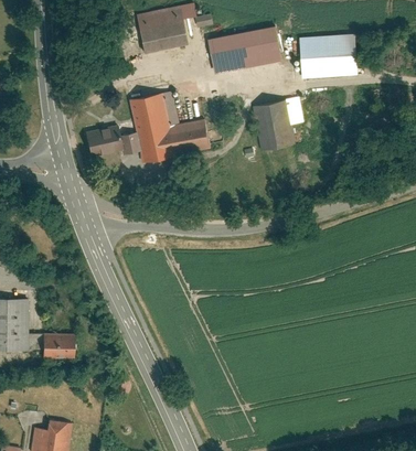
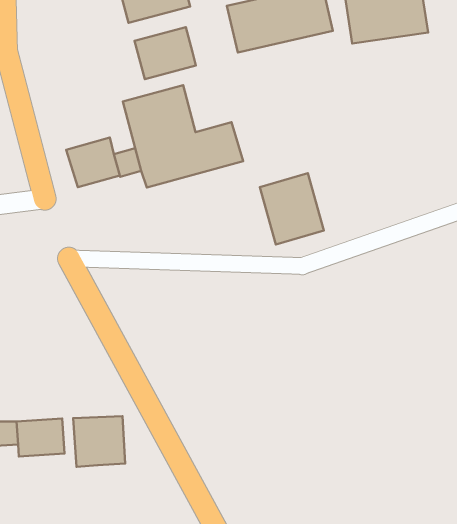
building: none -> [135,27,196,79]
building: [247,97,291,147] -> [260,173,324,244]
building: none -> [73,416,125,467]

